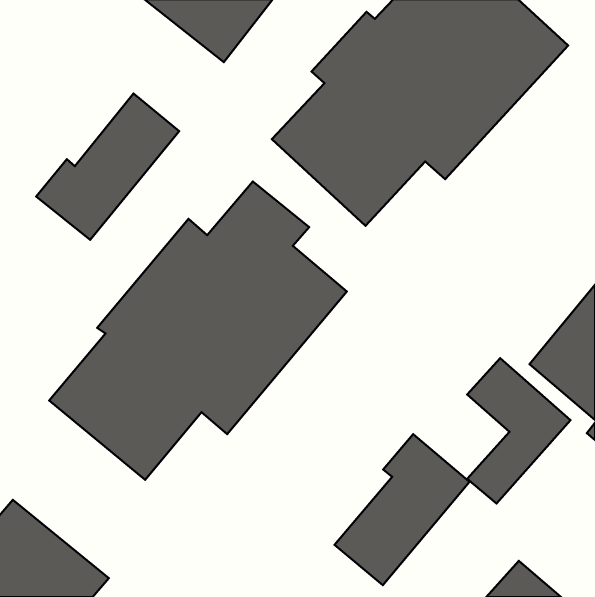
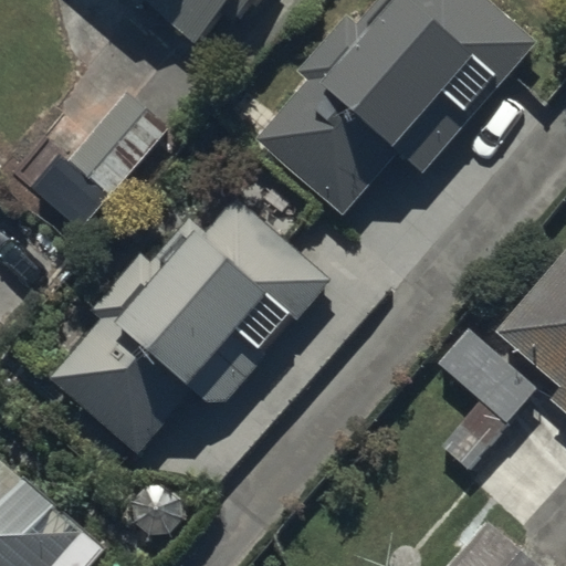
building: [334,434,469,585] -> none

